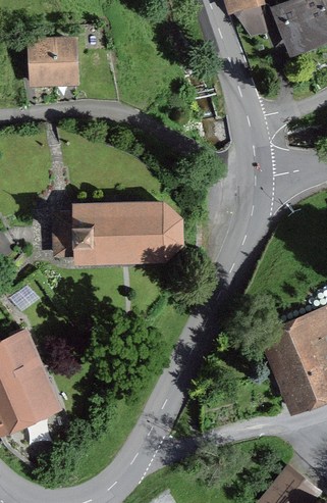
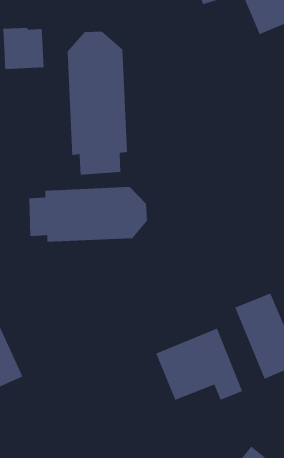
building: none -> [67,31,128,175]
building: none -> [155,328,243,401]

